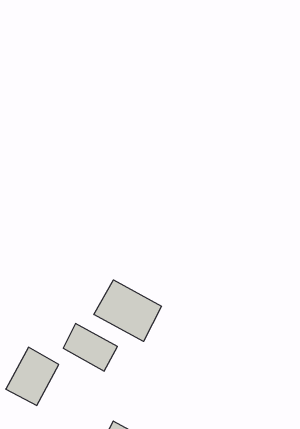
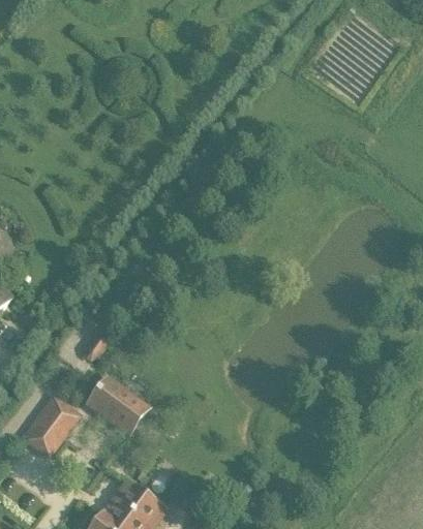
building: [94,280,161,341] -> none

